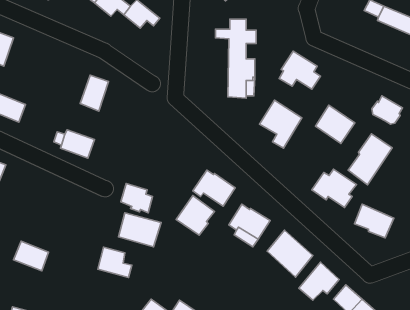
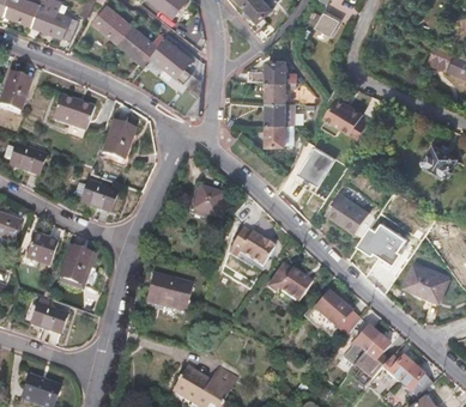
building: none -> [54,95,96,132]
building: [316,105,355,144] -> [326,192,369,233]
building: [348,134,392,185] -> none
building: none -> [28,232,61,266]
building: [121,183,153,213] -> [193,186,228,218]
building: none -> [61,247,92,290]
building: [176,196,215,235] -> none
building: [98,247,132,277] -> none

